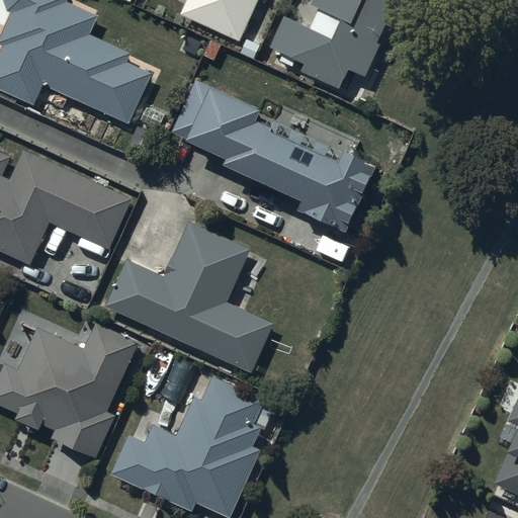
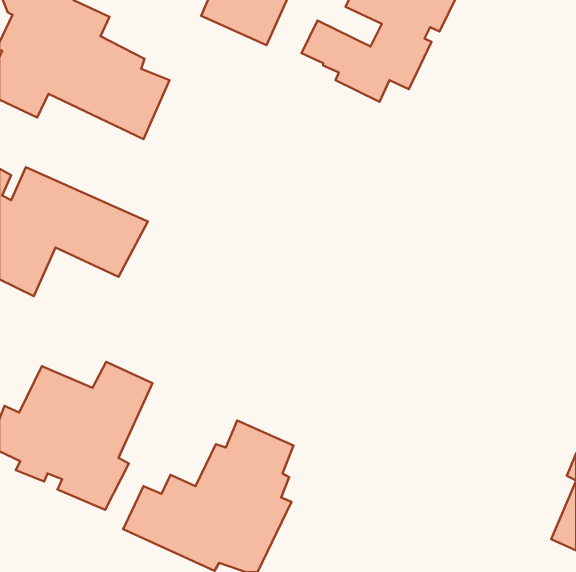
building: [170,79,375,236] -> none
building: [106,221,273,370] -> none

